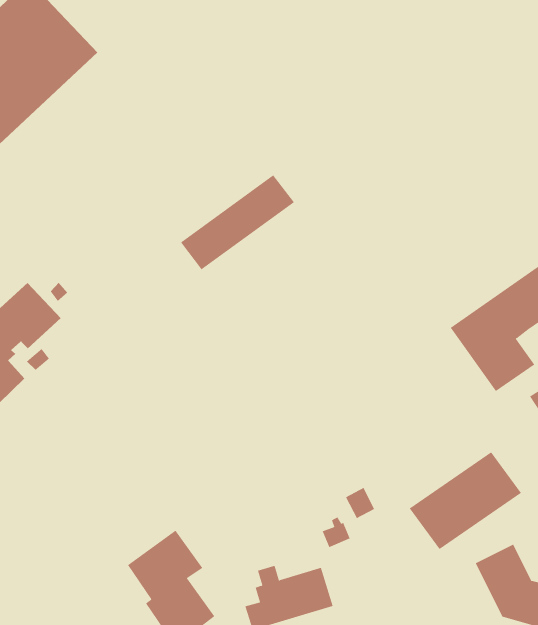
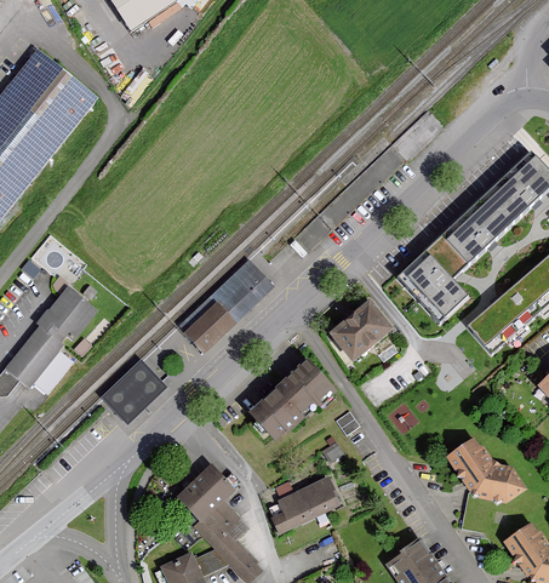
building: [180,174,295,270] -> [188,263,273,345]
building: none -> [326,301,390,364]
building: none -> [105,355,170,418]
building: [409,451,522,550] -> [245,360,331,442]

